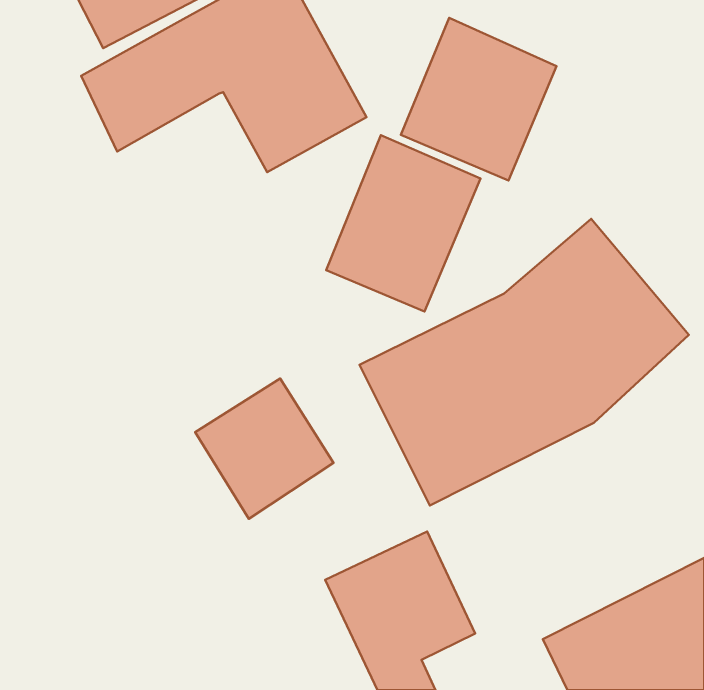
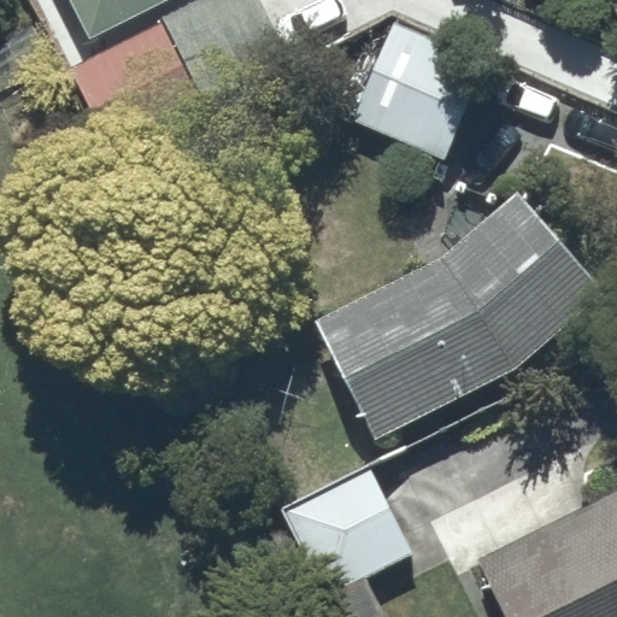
building: [326,135,480,311] -> none
building: [195,378,333,519] -> none

